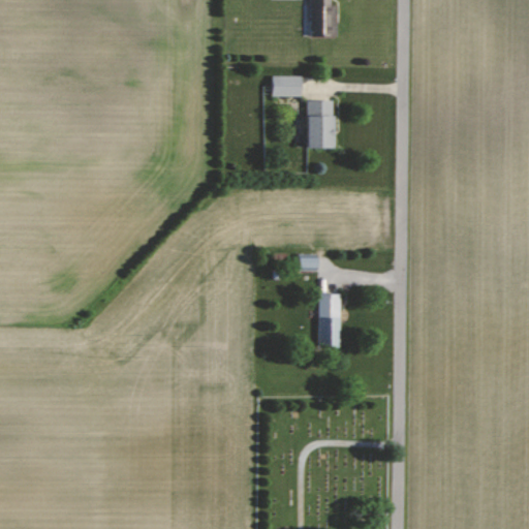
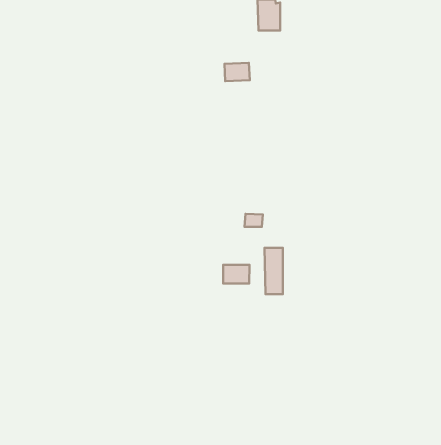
building: [305,100,336,149] -> none
building: none -> [223,265,250,283]

